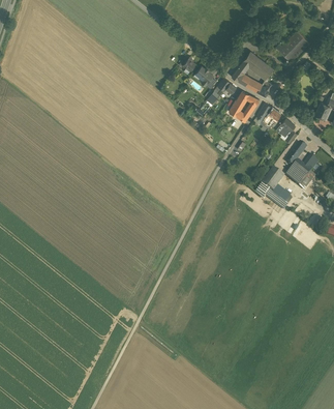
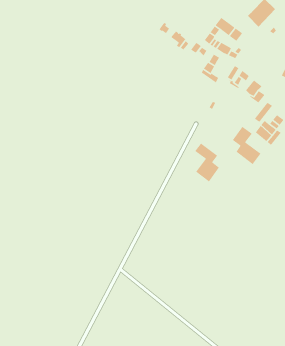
building: none -> [194,142,220,182]

